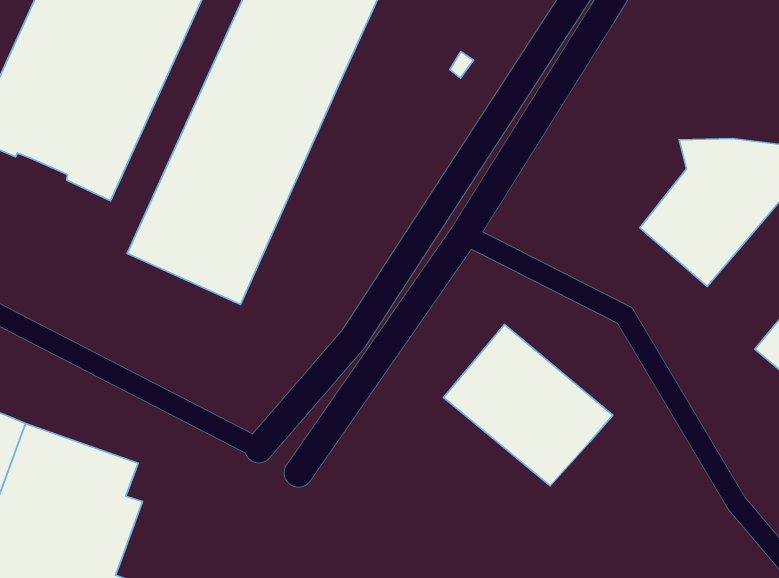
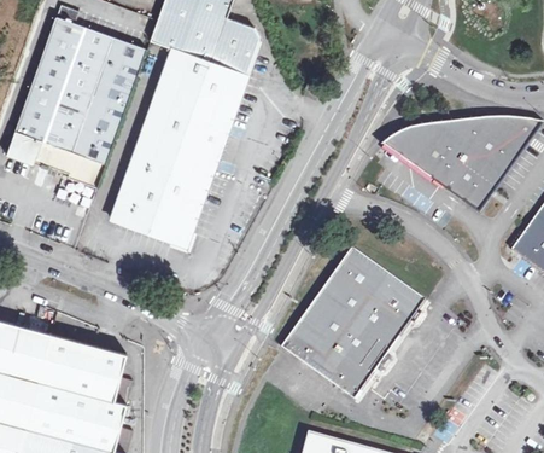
building: none -> [382,120,460,178]
building: none -> [282,296,390,397]

